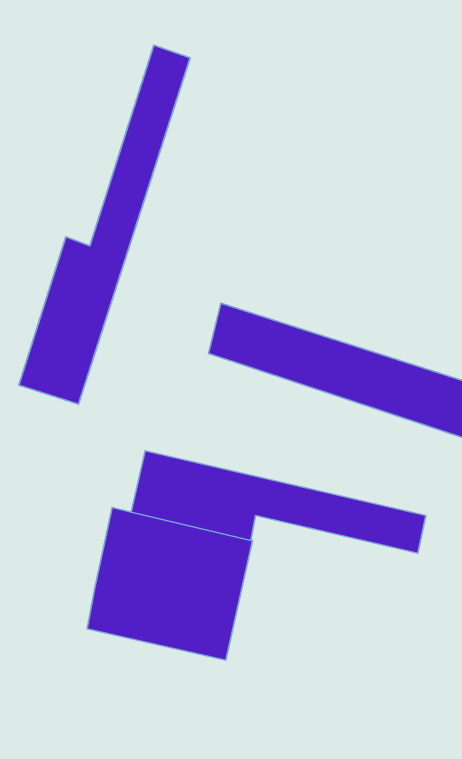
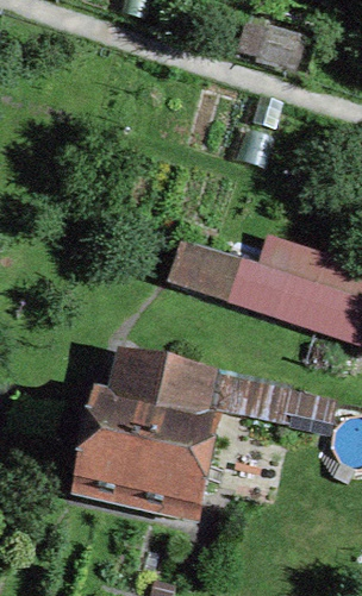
building: [19,45,190,404] -> none

